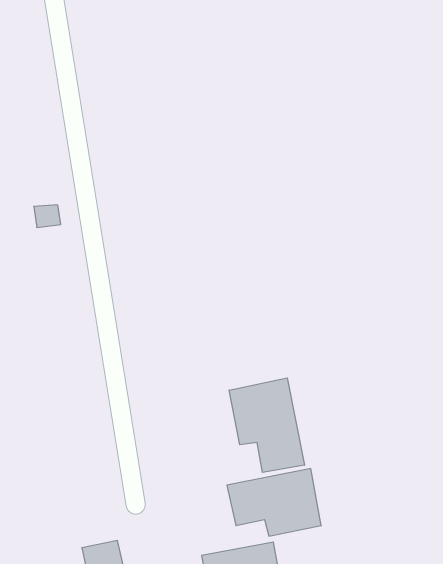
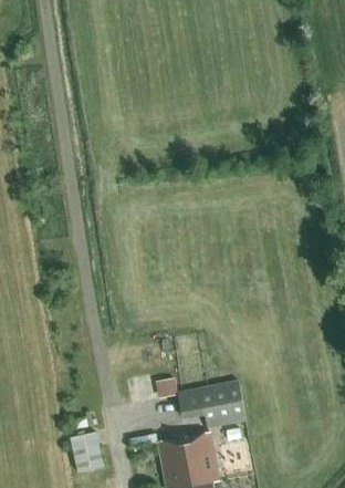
building: [229,378,304,472] -> none

